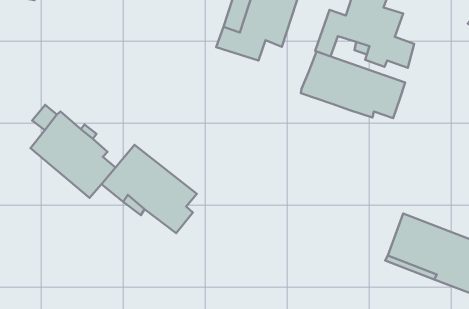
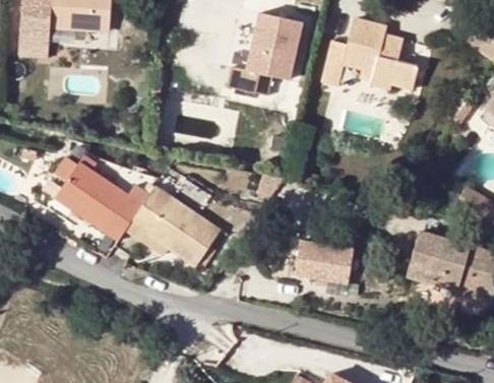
building: [301,52,405,118] -> none
building: none -> [290,237,352,281]

